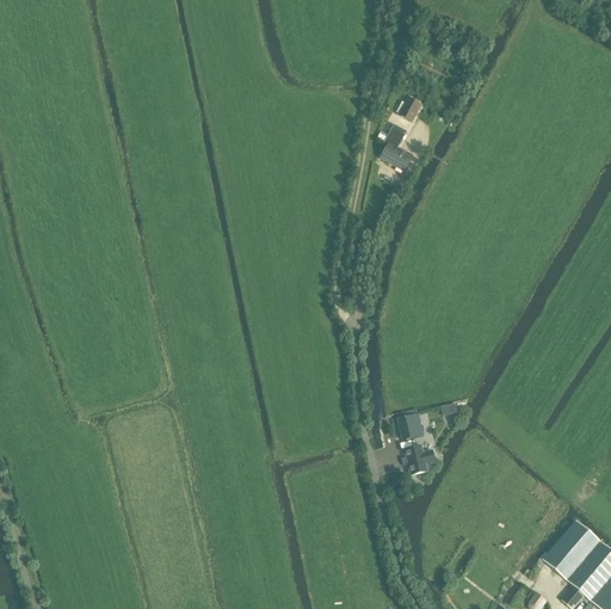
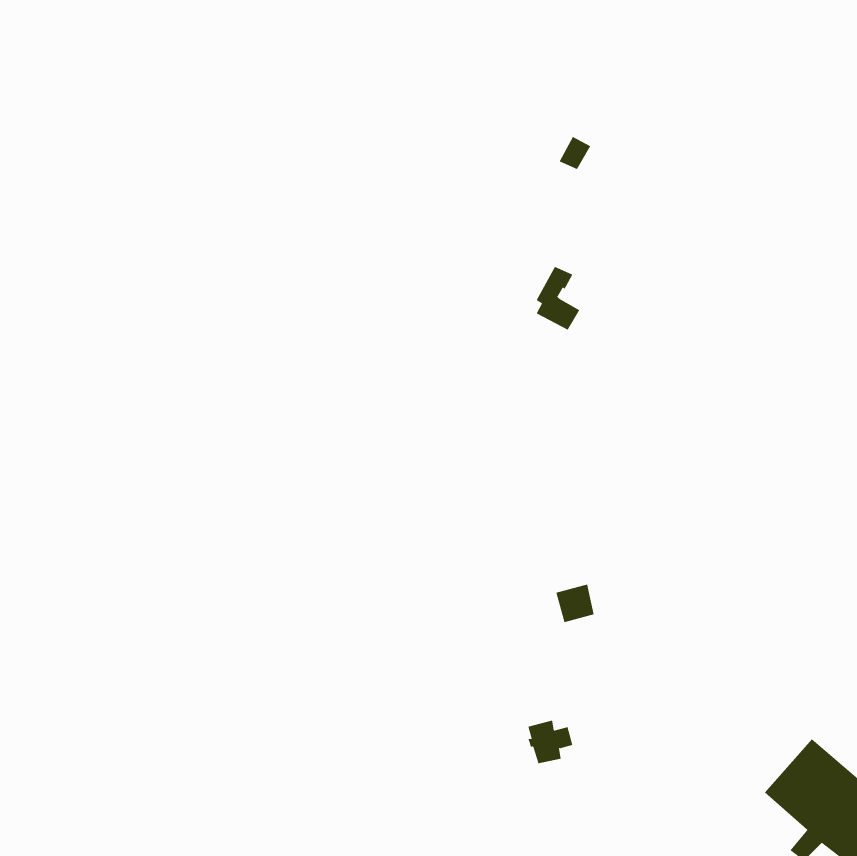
building: [381,124,412,170] -> [536,266,580,331]
building: [403,443,436,474] -> [528,720,573,764]

